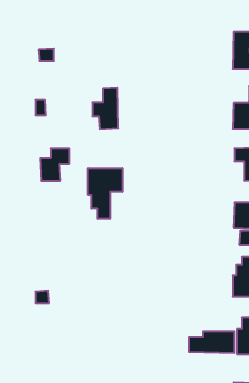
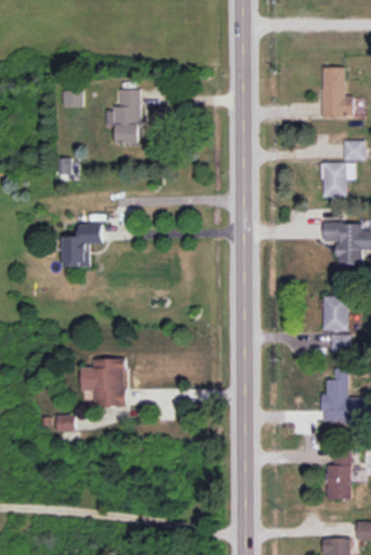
building: [92,88,118,129] -> [105,89,140,144]
building: [88,168,122,219] -> none
building: none -> [80,358,125,406]
building: [189,331,234,353] -> none

